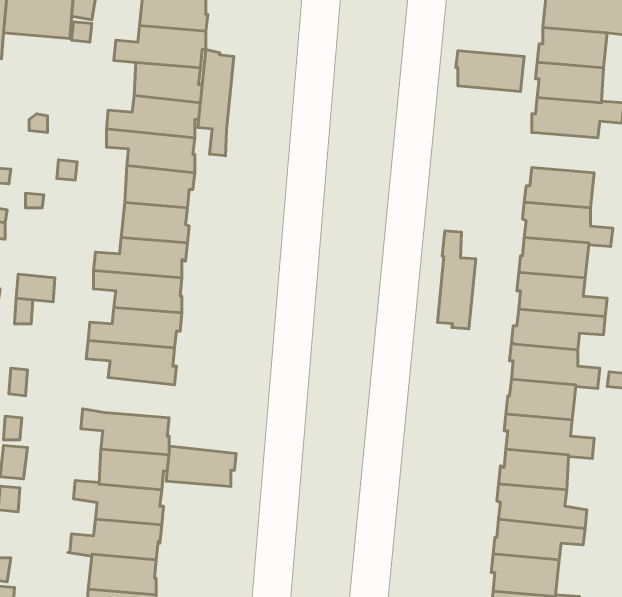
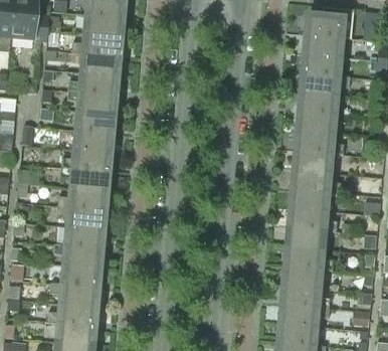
building: [198,49,234,156] -> none
building: [456,51,524,91] -> [300,93,337,115]
building: [437,231,476,329] -> none
building: [166,446,236,487] -> [67,226,106,248]

